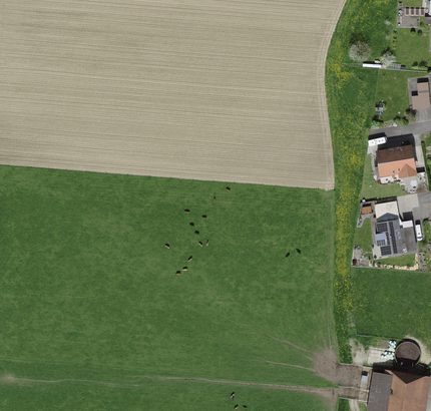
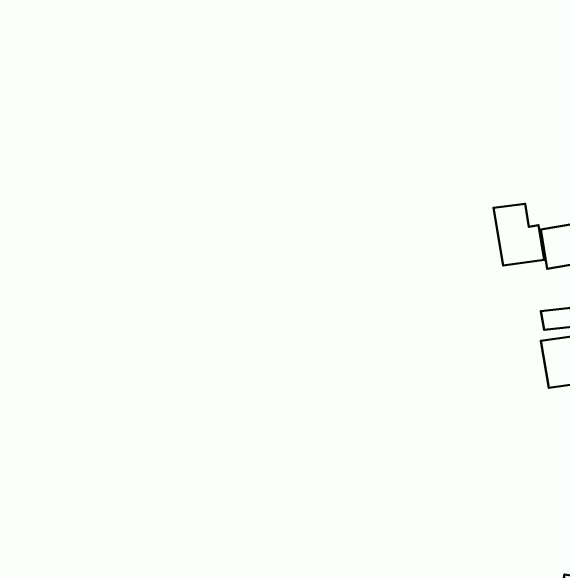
building: none -> [493,204,544,266]

